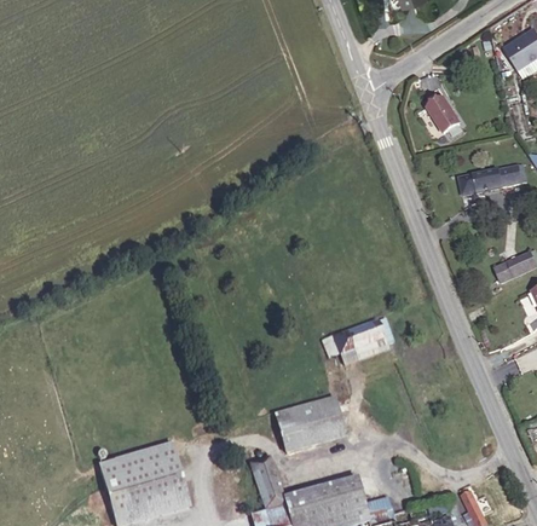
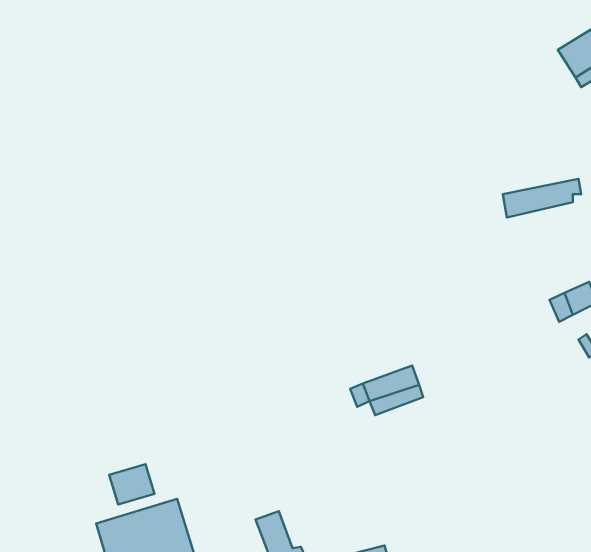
building: [429,99,462,135] -> none
building: [271,395,340,447] -> none
building: none -> [109,464,155,505]

